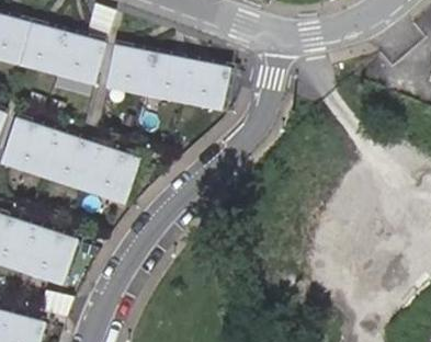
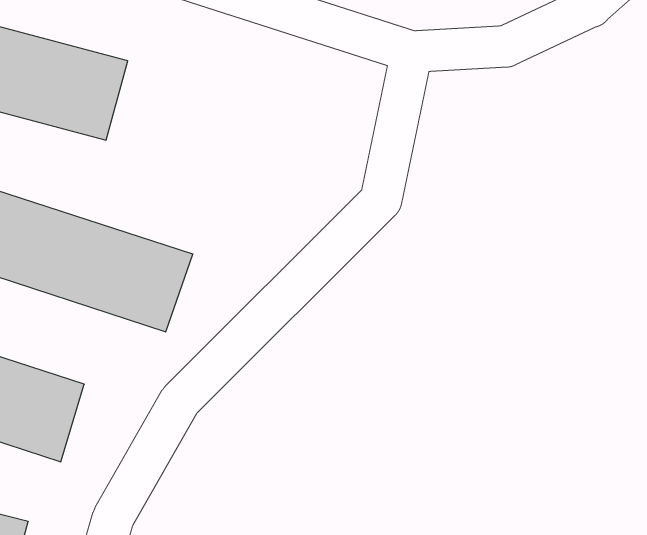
building: [104,44,226,112] -> none

